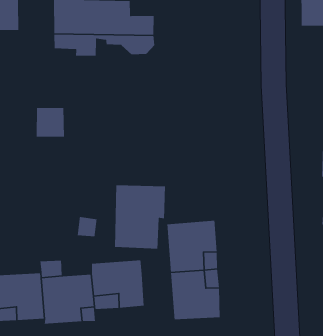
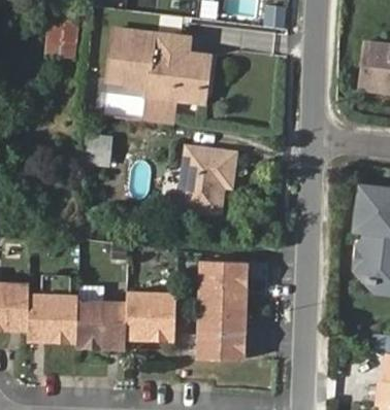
building: none -> [145,74,206,125]
building: [114,184,166,250] -> [176,148,232,215]

